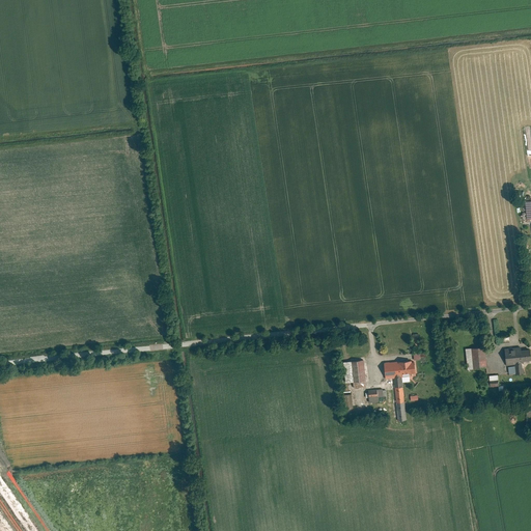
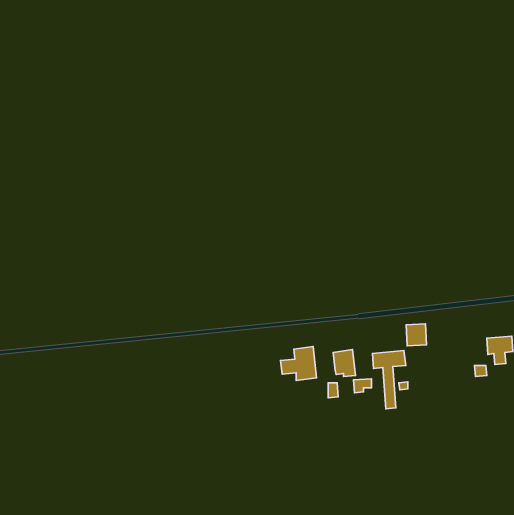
building: [468,347,488,370] -> [406,324,426,346]
building: none -> [281,347,317,380]

